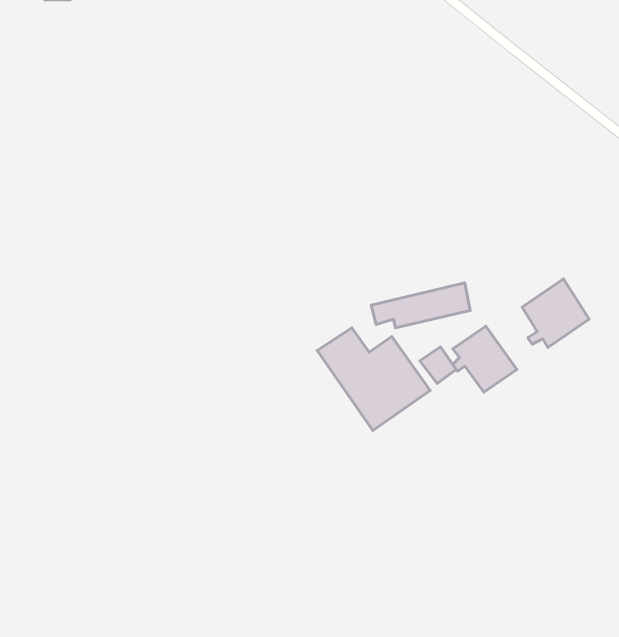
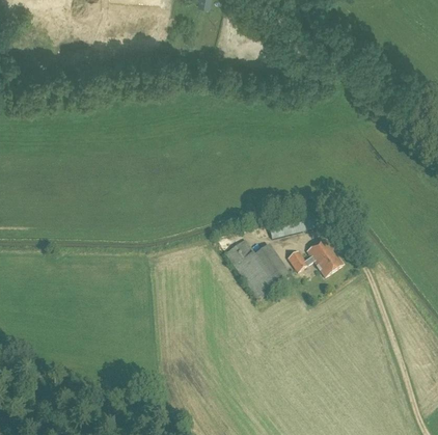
building: [522,279,589,347] -> none

